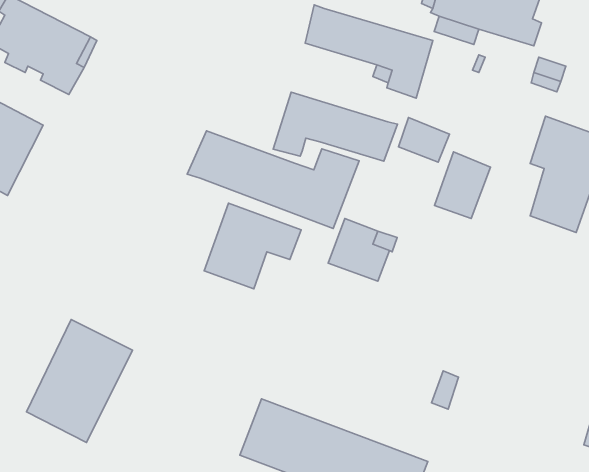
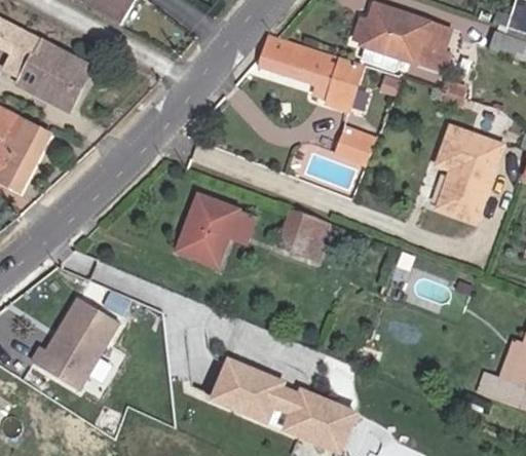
building: [273,92,397,161] -> none
building: [187,131,359,229] -> none
building: [434,152,491,218] -> none

